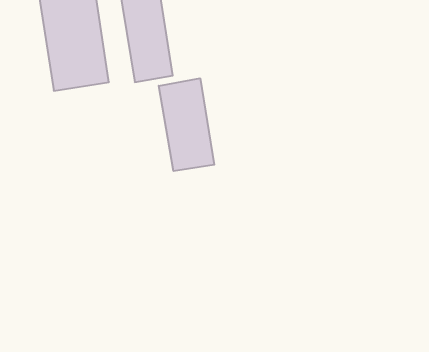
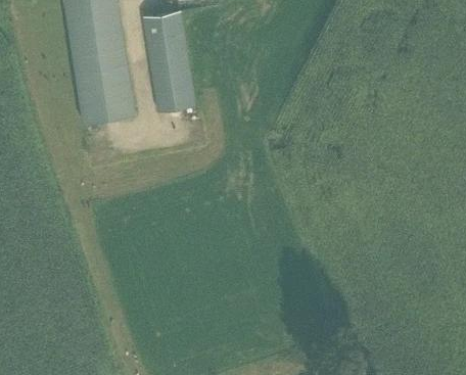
building: [159,78,214,171] -> none

